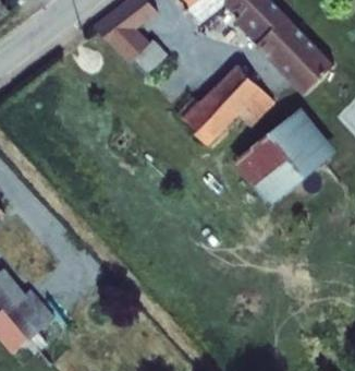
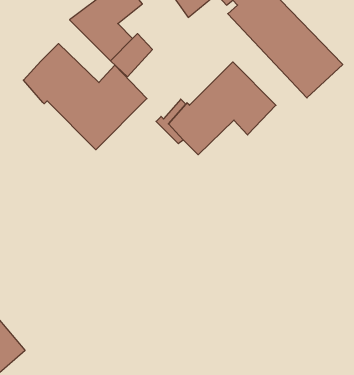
building: none -> [23,44,147,150]
building: [233,113,336,212] -> none

